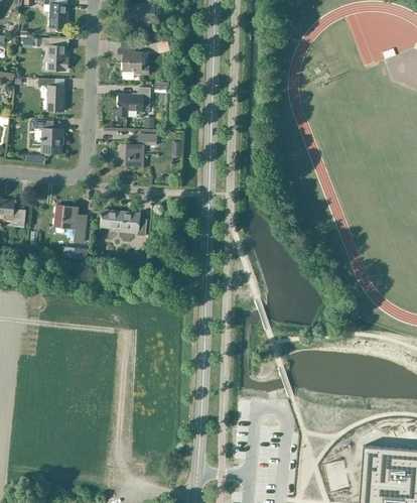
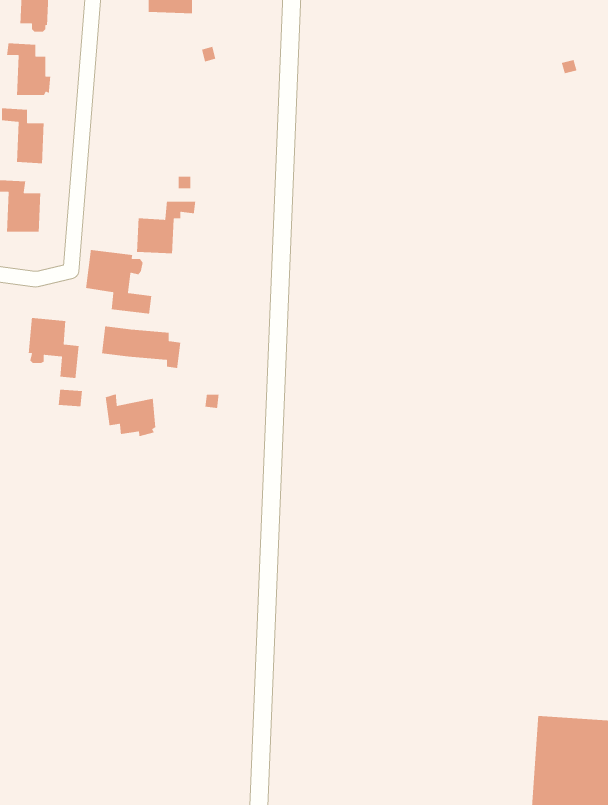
building: [118,49,149,79] -> none
building: [117,88,150,117] -> none
building: none -> [85,249,152,314]
building: none -> [105,393,156,437]

